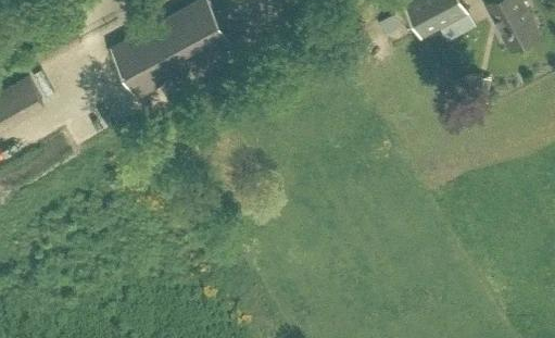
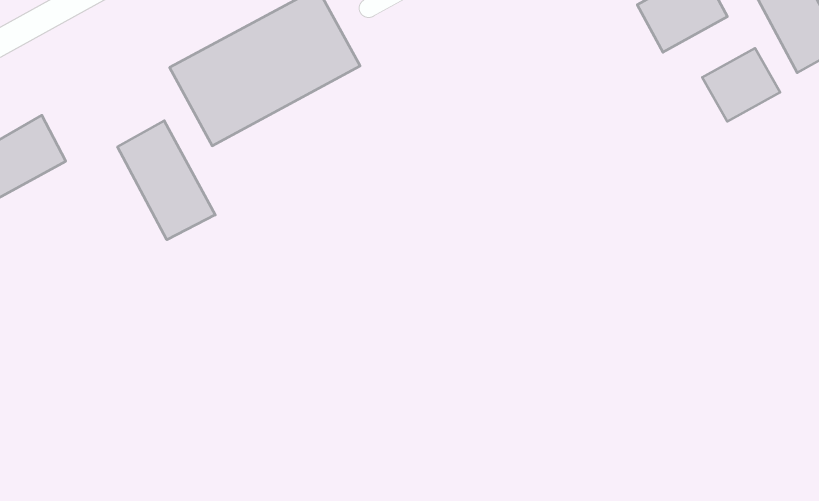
building: none -> [702,48,780,121]
building: none -> [118,121,215,240]

